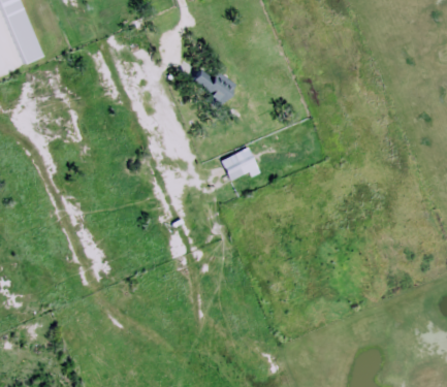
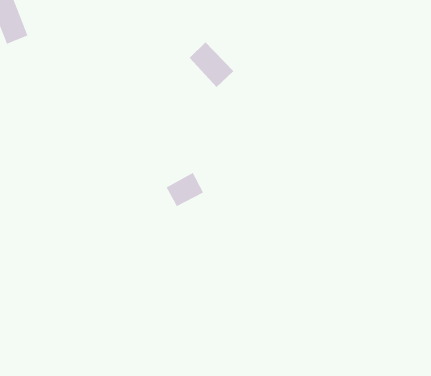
building: [222,148,258,181] -> [165,172,204,207]

